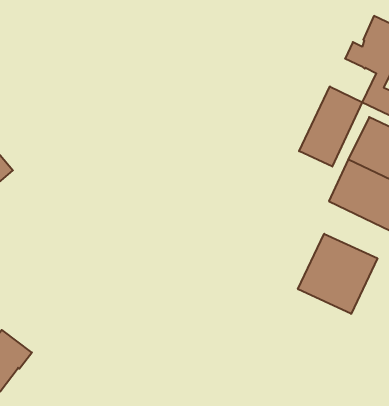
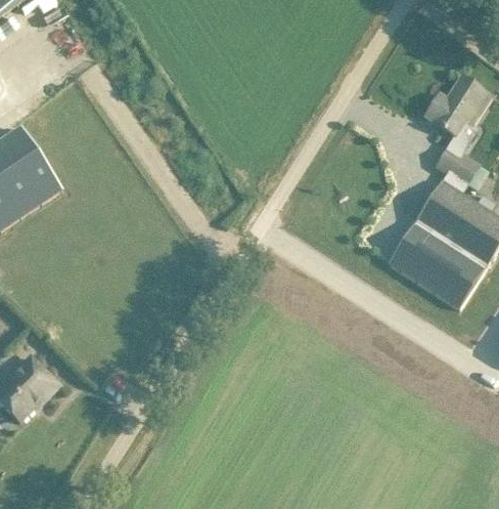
building: [299,86,362,167] -> none
building: [298,234,377,314] -> none

